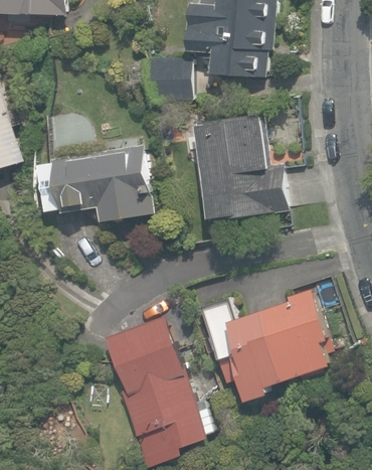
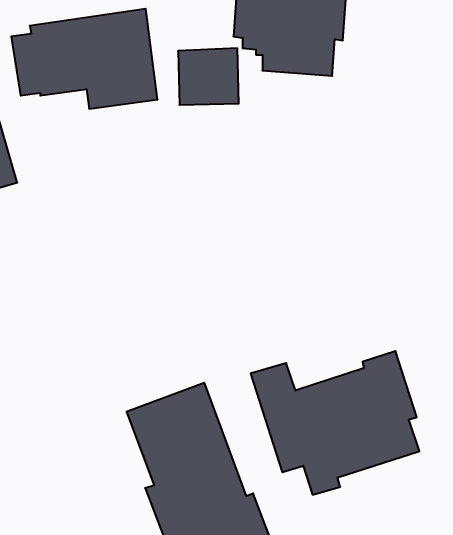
building: [192,117,288,220] -> none
building: [39,145,151,221] -> [11,9,158,109]

